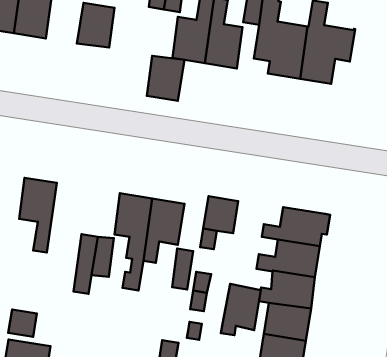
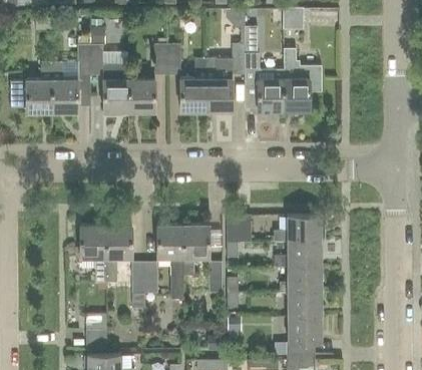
building: [147,56,185,101] -> [128,78,154,111]
building: none -> [105,225,131,281]
building: [221,284,261,335] -> none

